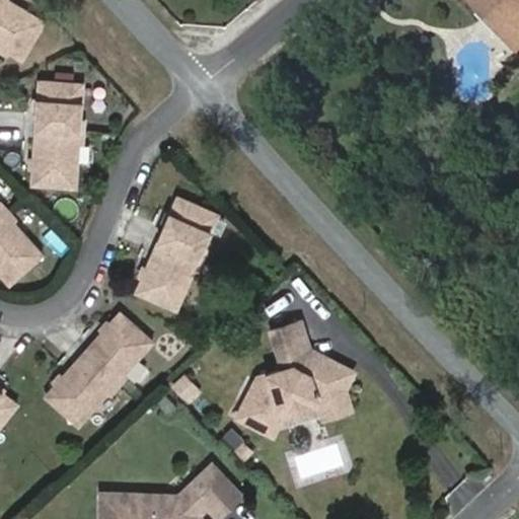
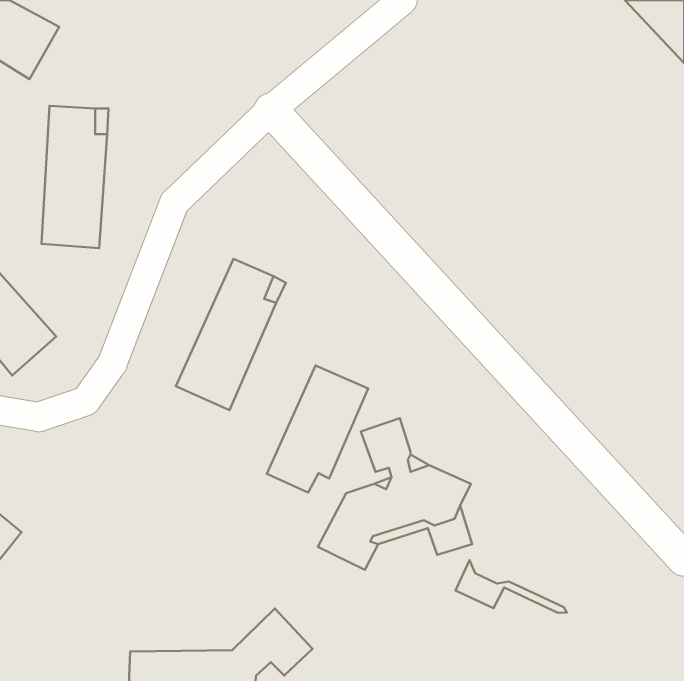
building: none -> [267,365,368,492]
building: [44,313,153,427] -> none
building: none -> [456,560,567,613]

